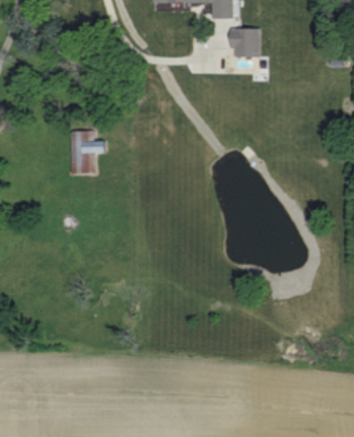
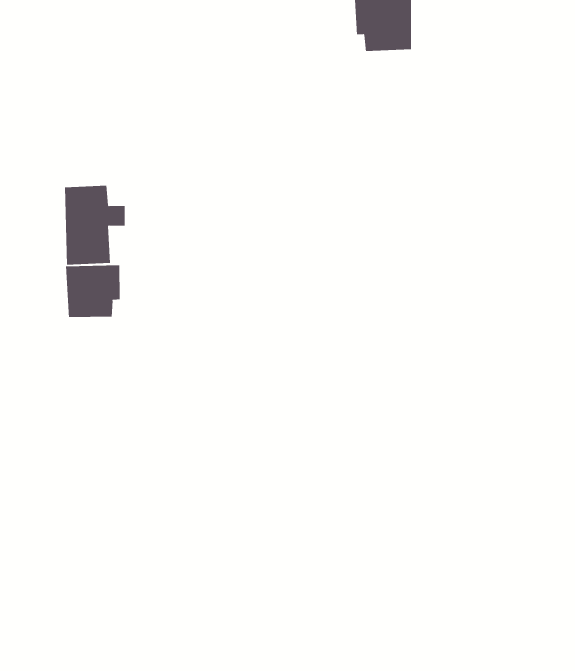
building: none -> [66,265,120,318]

